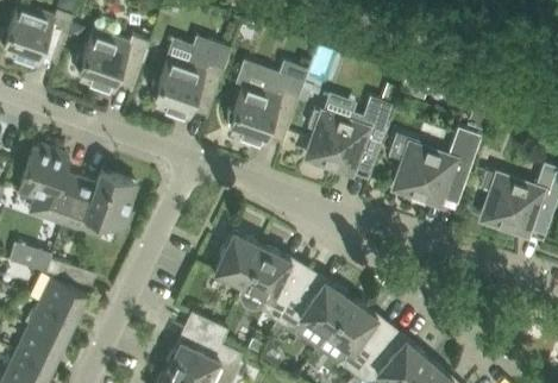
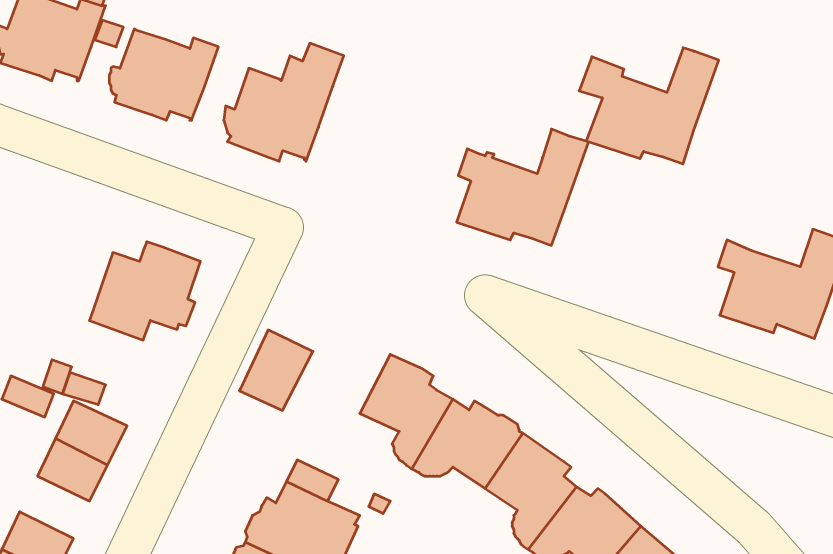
building: [226,62,307,143] -> none
building: [388,126,481,203] -> [579,48,719,164]
building: [17,144,77,222] -> none
building: [213,231,262,284] -> [239,330,313,410]
building: [15,326,62,368] -> none

